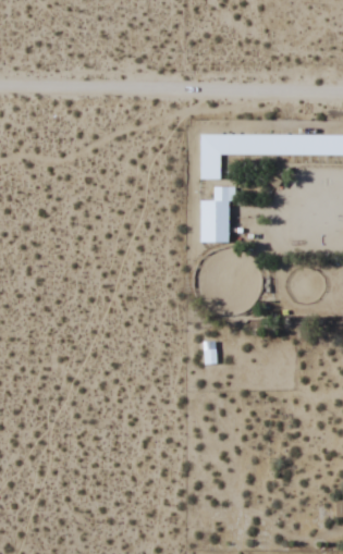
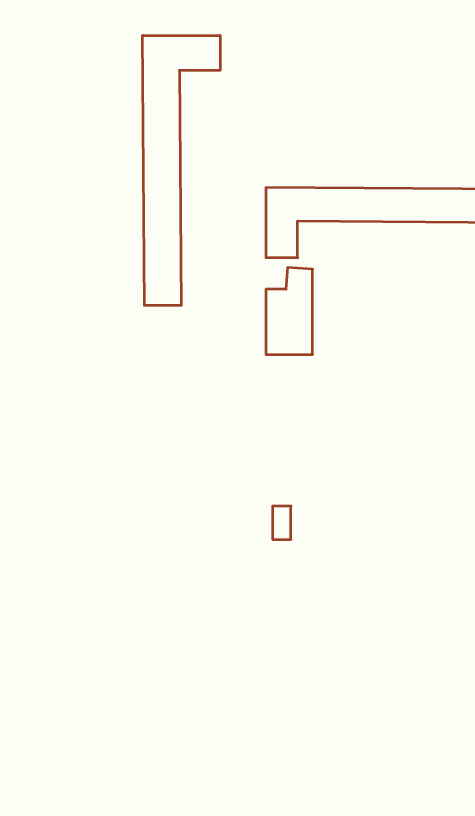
building: none -> [143,35,220,305]

